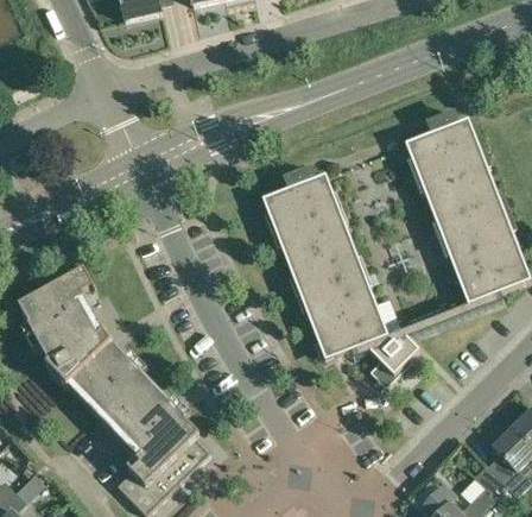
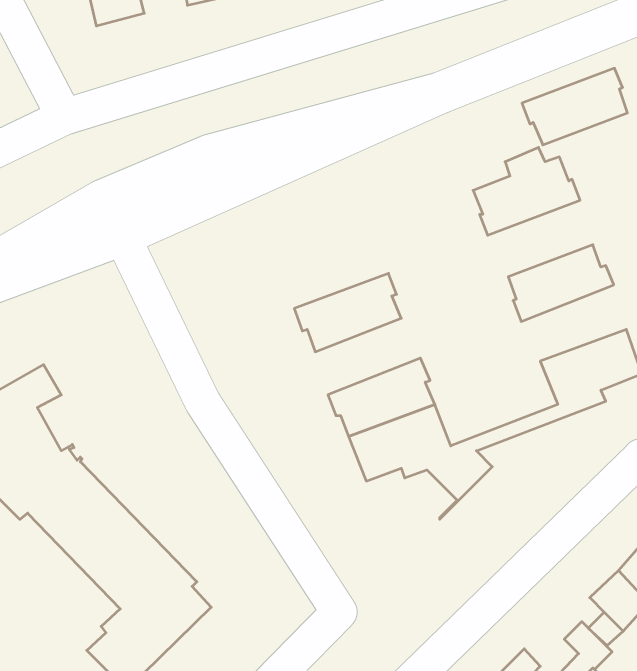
building: [414,150,493,207] -> [522,68,627,145]
building: [261,166,341,231] -> none
building: [439,213,518,270] -> none
building: [286,238,365,295] -> none

